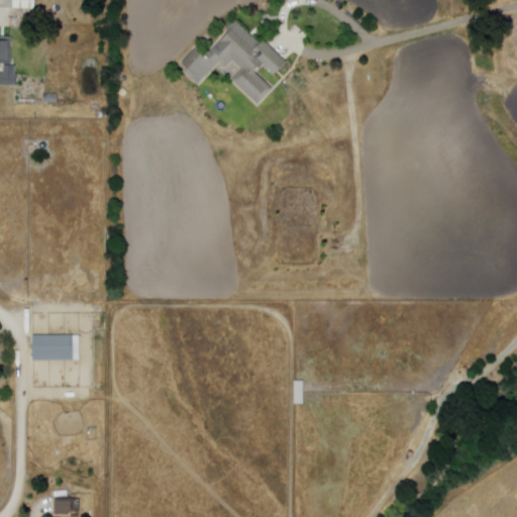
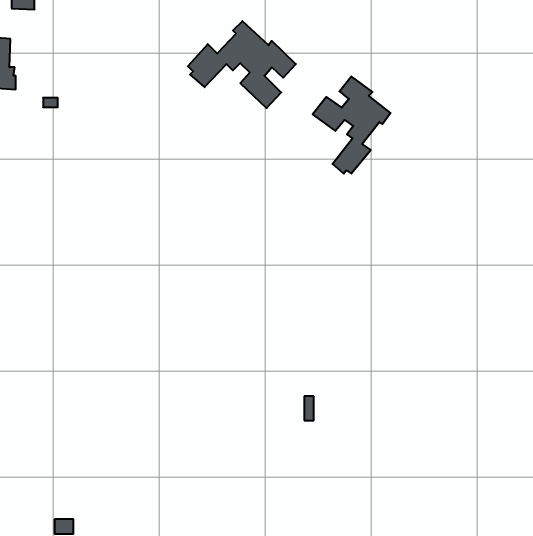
building: none -> [313,76,391,174]
building: [30,333,72,358] -> none

